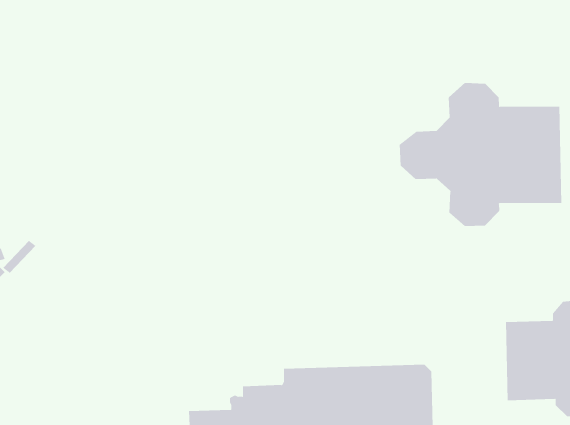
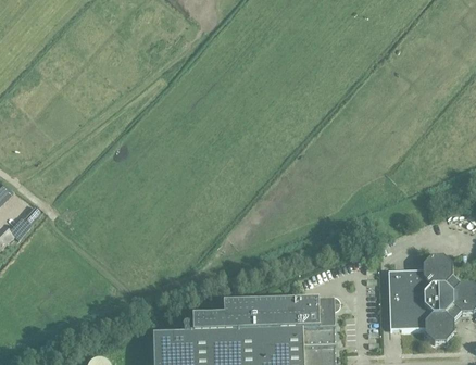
building: [399,82,562,227] -> none

